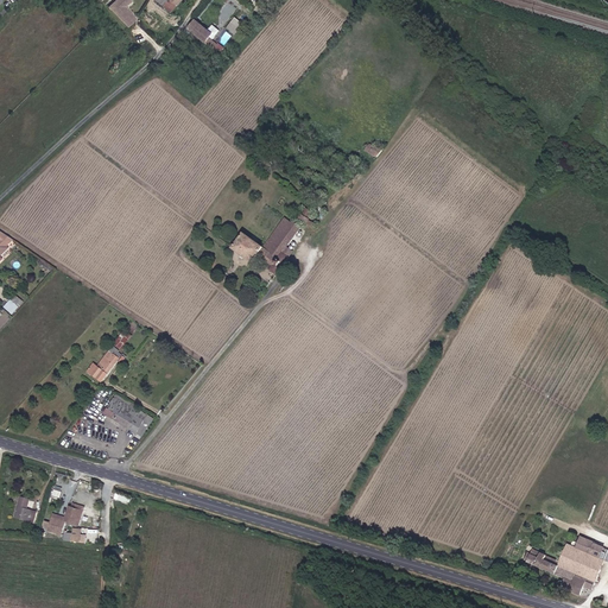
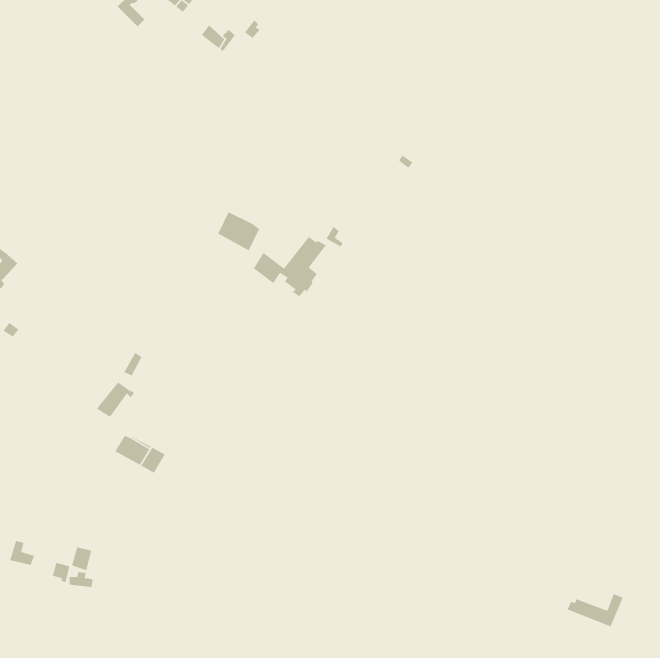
building: none -> [217,211,260,251]
building: [555,540,600,593] -> none

